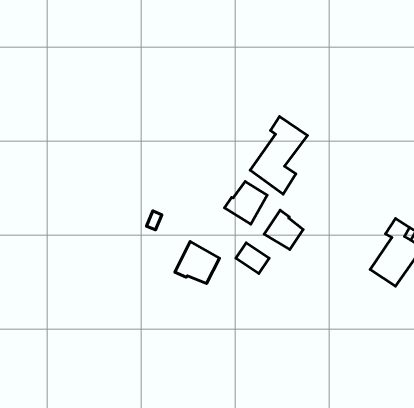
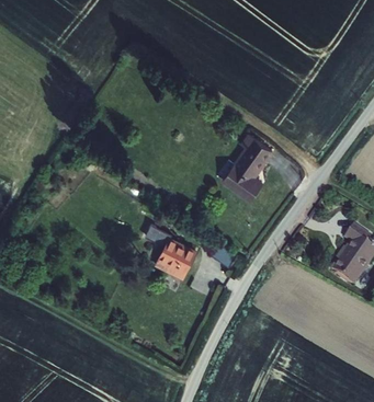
building: [225,181,267,224] -> none
building: [264,210,303,249] -> none

